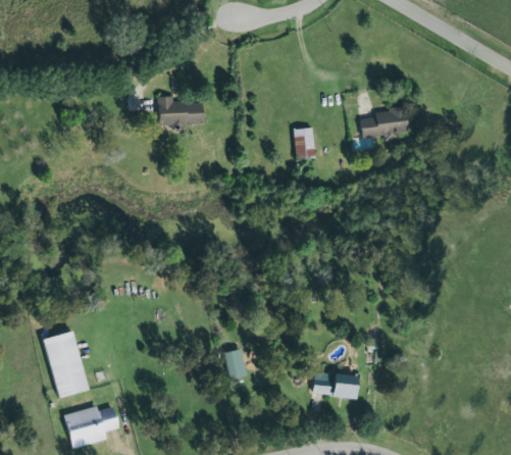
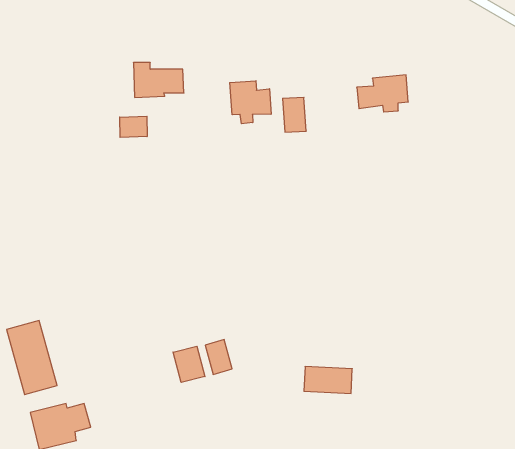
building: none -> [230,81,271,124]
building: none -> [120,116,147,137]
building: none -> [173,346,205,382]

